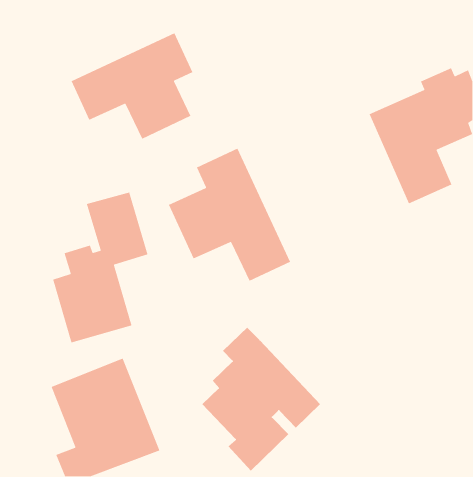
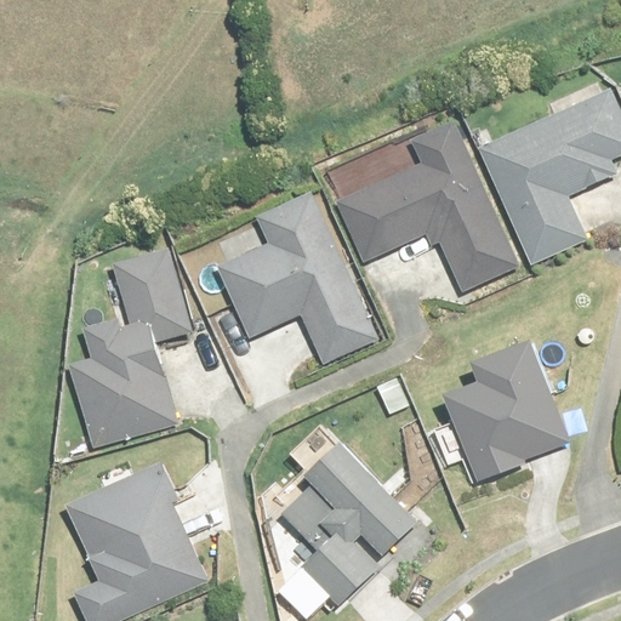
building: [71,32,193,140] -> none
building: none -> [335,123,519,294]
building: none -> [434,331,577,489]

